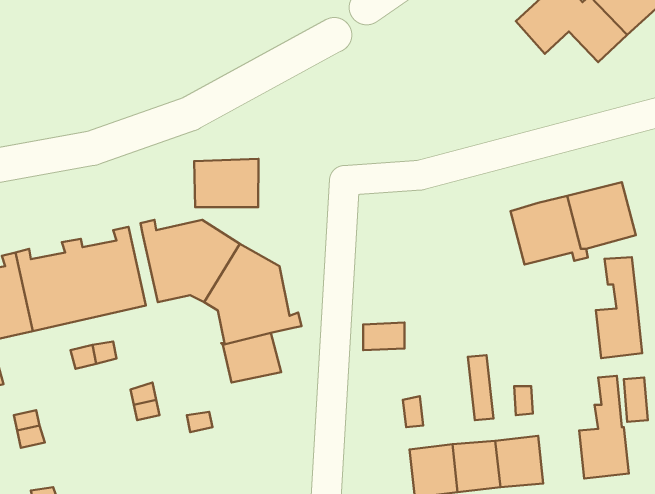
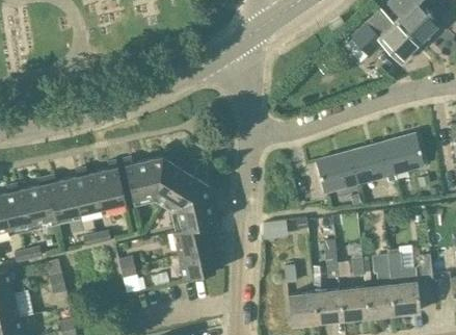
building: [194,159,259,207] -> none
building: none -> [316,151,357,191]
building: [596,257,642,358] -> [366,255,394,316]
building: none -> [180,249,215,279]

